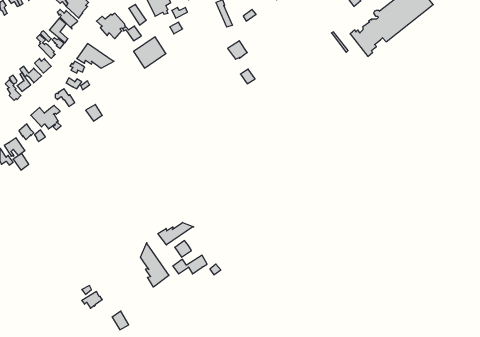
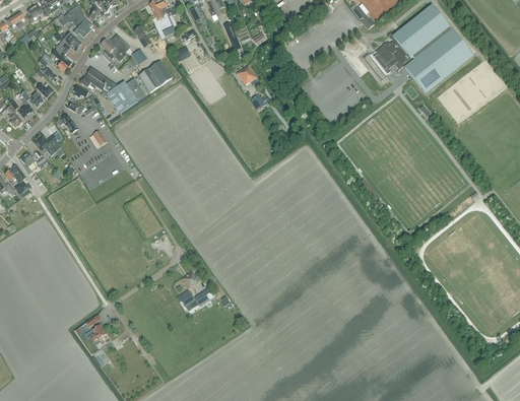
building: none -> [395,26,473,93]
building: none -> [106,78,146,113]
building: [158,222,194,245] -> none
building: [140,243,169,287] -> none

